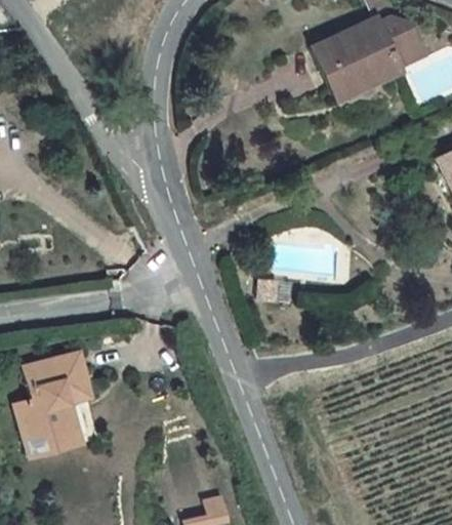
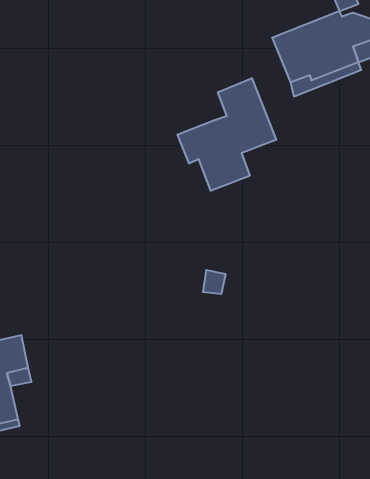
building: none -> [178,78,276,191]

